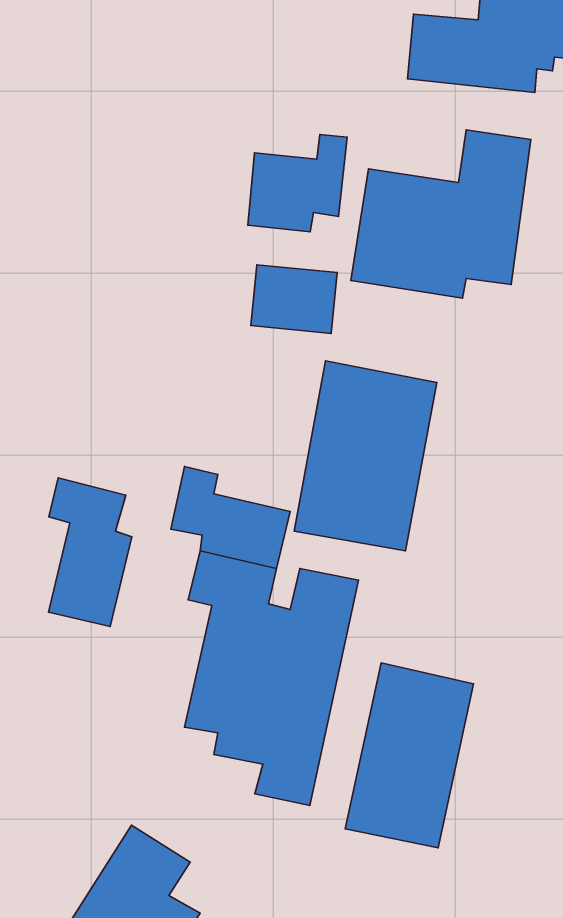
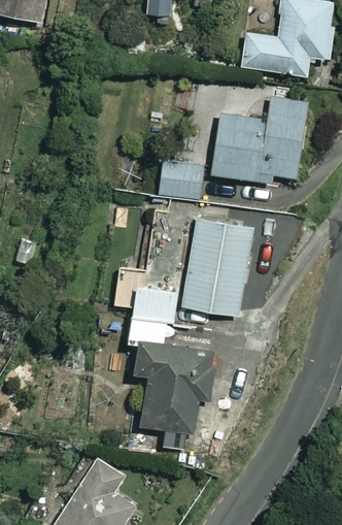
building: [248,135,347,232] -> none
building: [48,478,132,626] -> none
building: [345,663,473,848] -> none

